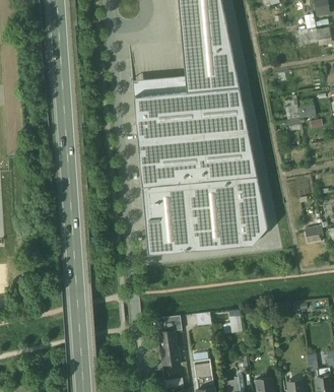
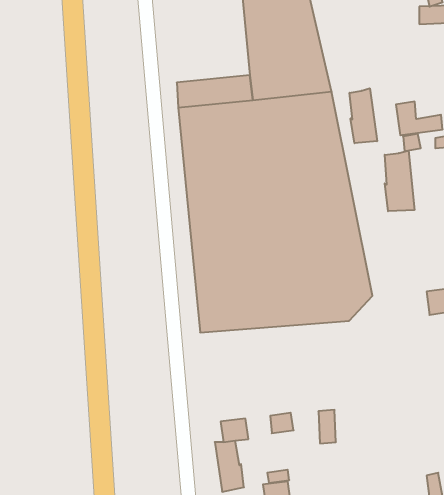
building: none -> [350,88,377,143]
building: none -> [385,151,414,211]

